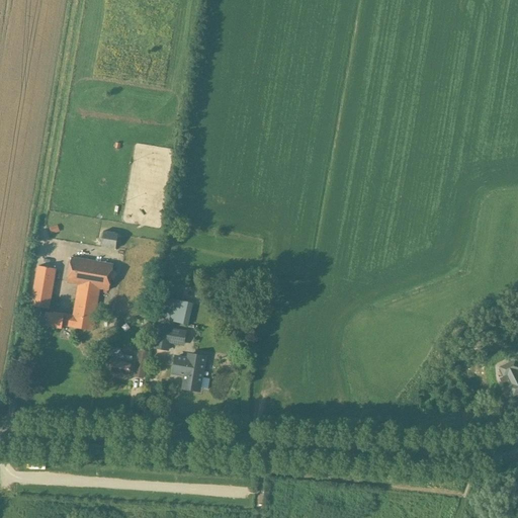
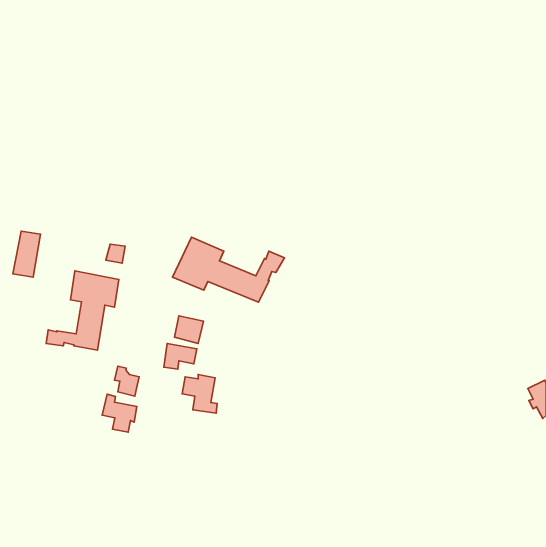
building: none -> [173,237,285,302]
building: [29,265,56,309] -> [13,231,41,277]
building: none -> [102,394,137,432]

